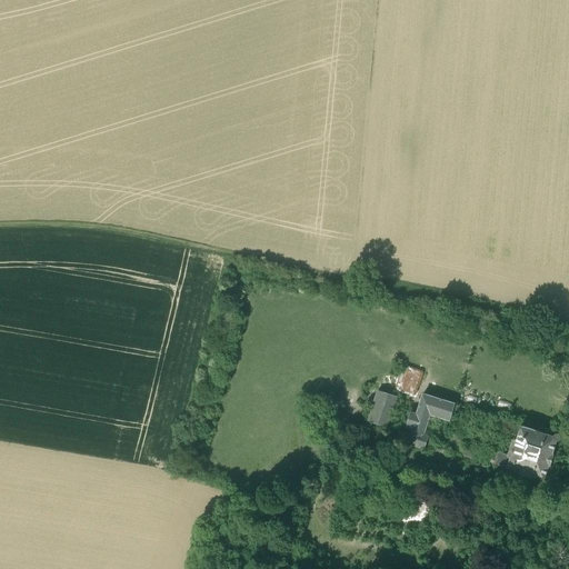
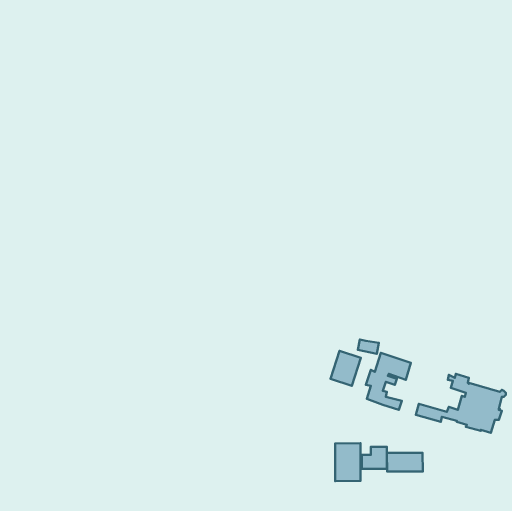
building: none -> [335,443,360,481]
building: none -> [387,453,423,471]

